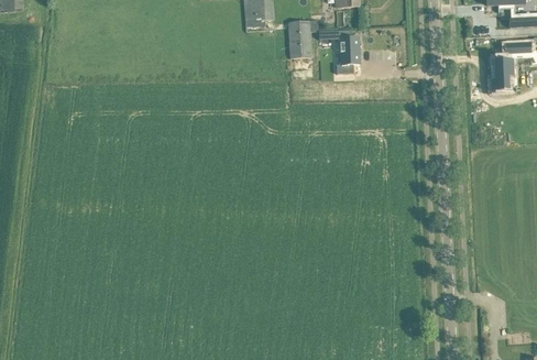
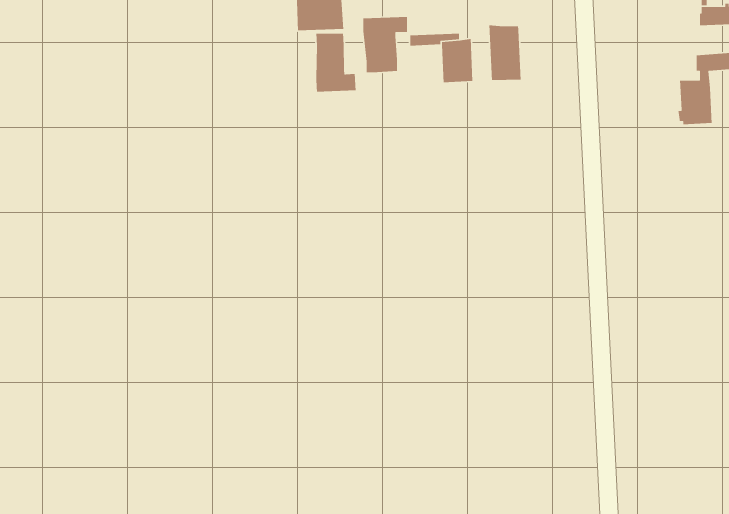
building: none -> [488,24,521,81]
building: none -> [315,33,357,92]

